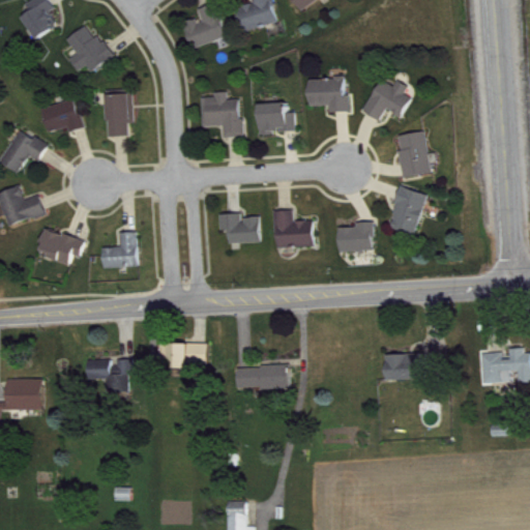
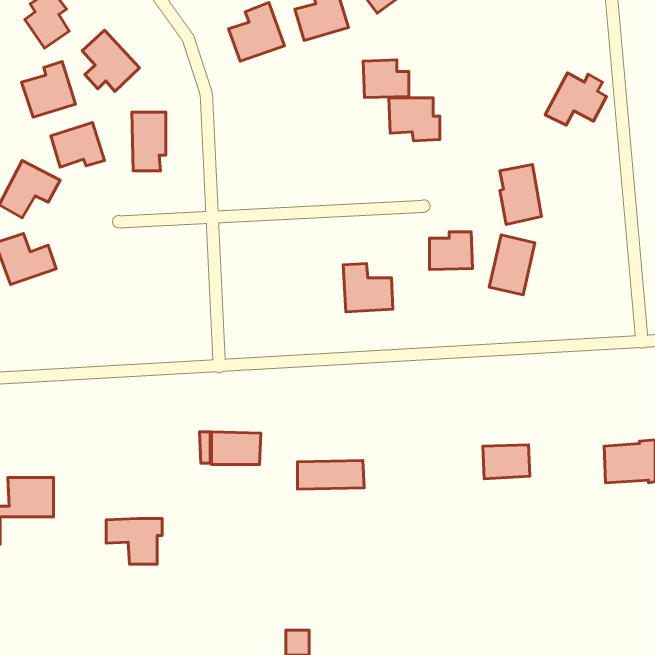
building: none -> [22,61,75,117]
building: [361,79,410,120] -> [545,73,607,125]
building: [199,91,243,138] -> none
building: [258,102,294,132] -> [363,60,409,98]
building: [218,212,259,243] -> none
building: [337,222,372,252] -> [430,232,473,270]
building: [37,228,85,264] -> none
building: [101,232,137,267] -> none
building: [87,359,131,395] -> [106,519,162,564]

